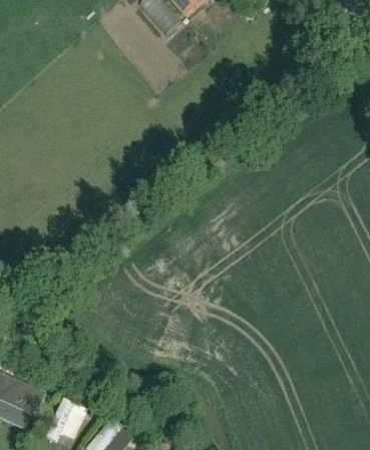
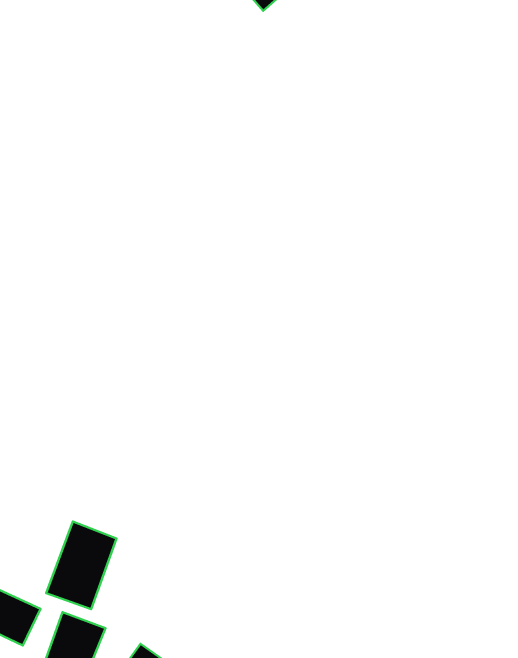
building: none -> [46,522,116,609]

